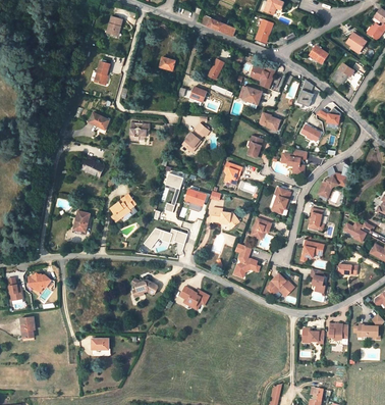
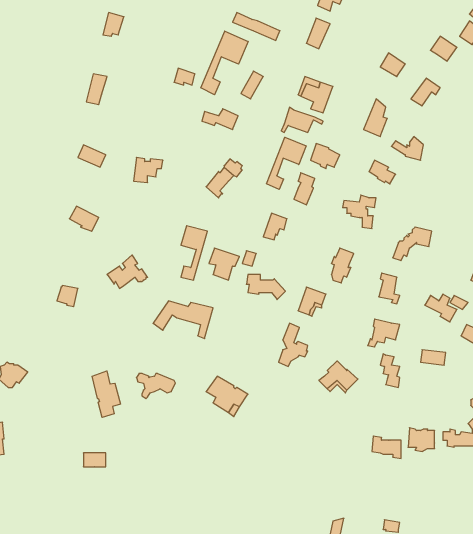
building: none -> [201,31,248,95]
building: none -> [267,137,306,189]
building: none -> [92,371,121,417]

